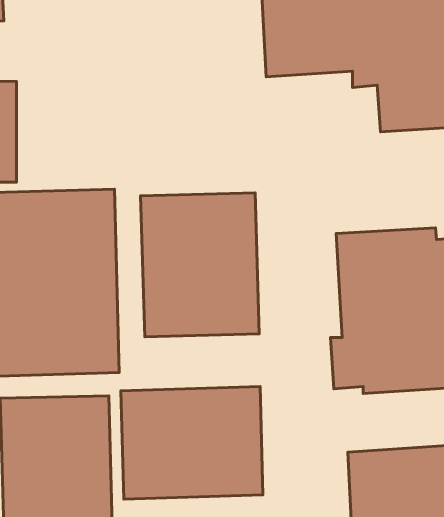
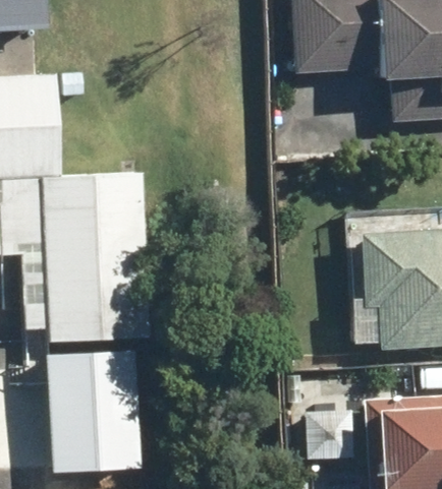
building: [141,193,259,337] -> none
building: [121,386,263,499] -> none

